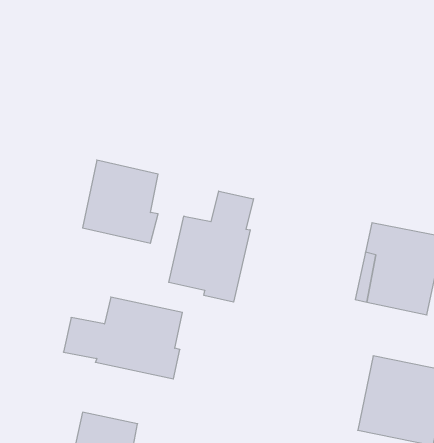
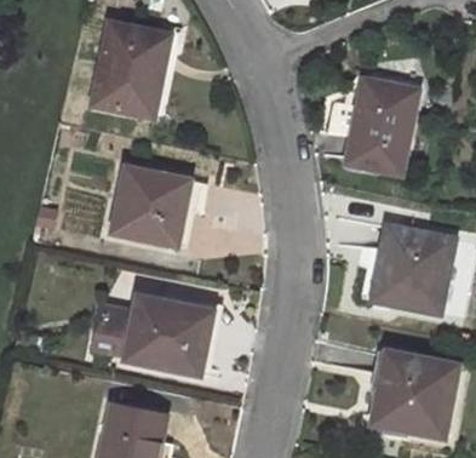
building: none -> [93,22,165,116]
building: none -> [346,79,418,173]
building: [169,191,254,302] -> none

